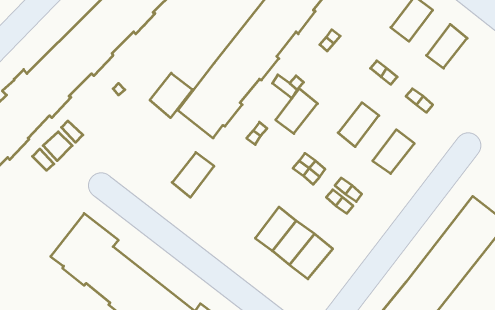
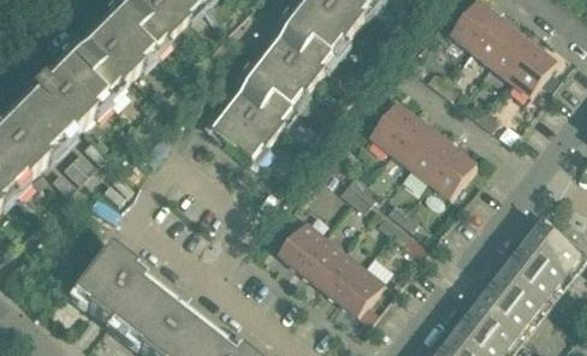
building: none -> [469,14,515,65]
building: none -> [508,46,555,95]
building: [150,73,193,118] -> none
building: [276,89,318,134] -> [369,101,416,152]
building: none -> [409,132,455,183]
building: [172,152,214,197] -> [277,219,324,269]

